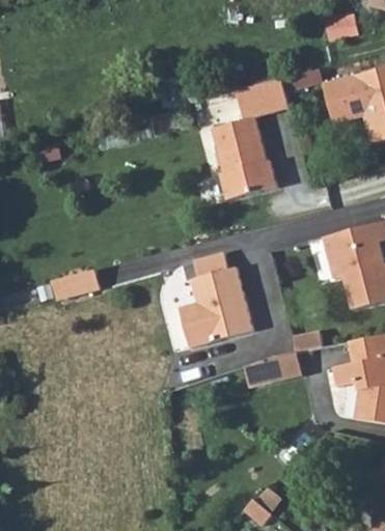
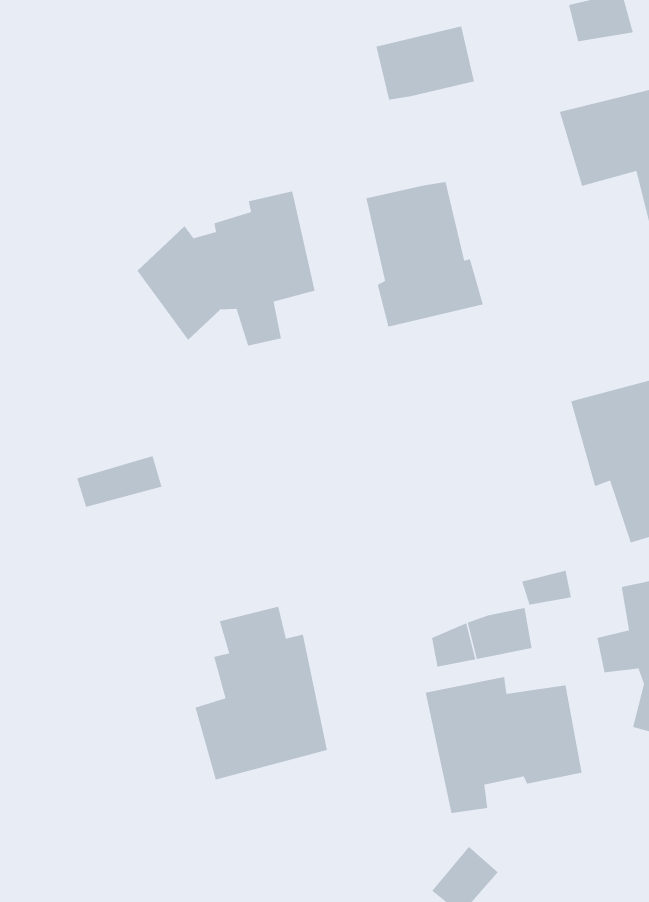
building: [235,78,290,119] -> [375,26,475,101]
building: none -> [137,190,315,347]
building: [178,254,252,351] -> [194,606,328,780]
building: none -> [425,676,582,814]

